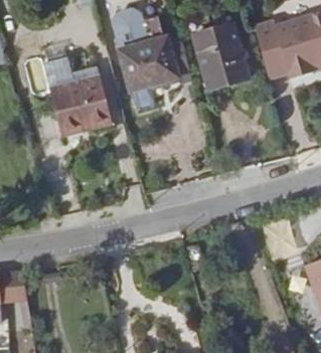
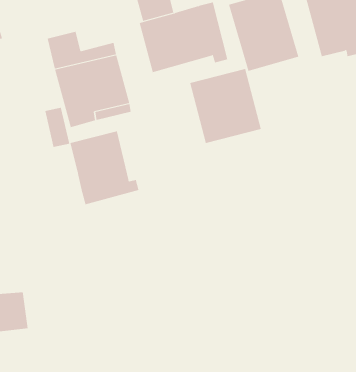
building: none -> [190,68,261,144]
building: none -> [70,130,139,205]

